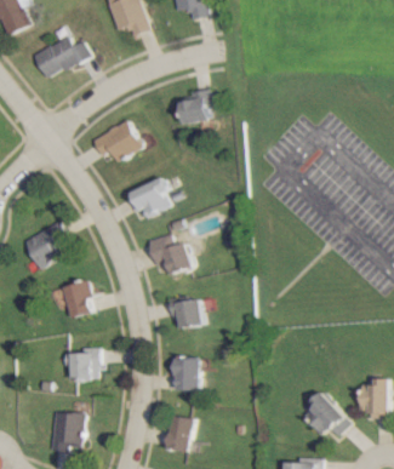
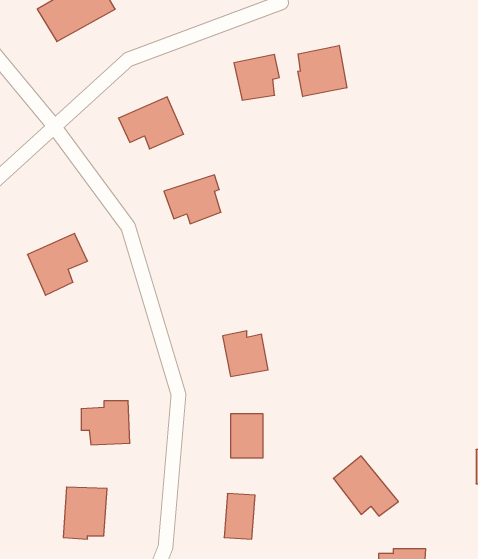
building: none -> [298,45,347,97]
building: [149,234,193,274] -> none
building: [51,280,93,318] -> none
building: [301,390,349,435] -> [333,456,398,516]

